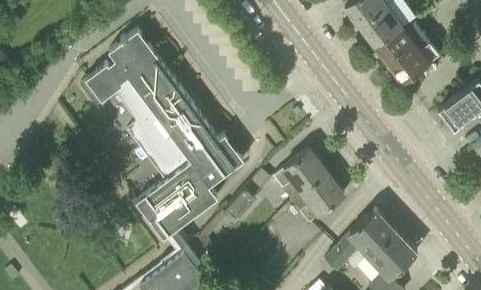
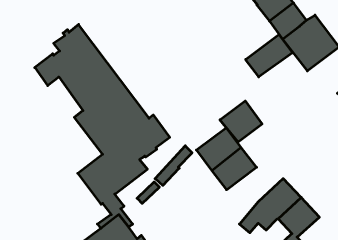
building: none -> [246,34,293,77]
building: none -> [220,101,262,142]

